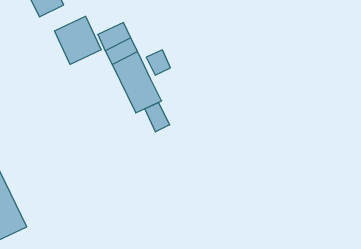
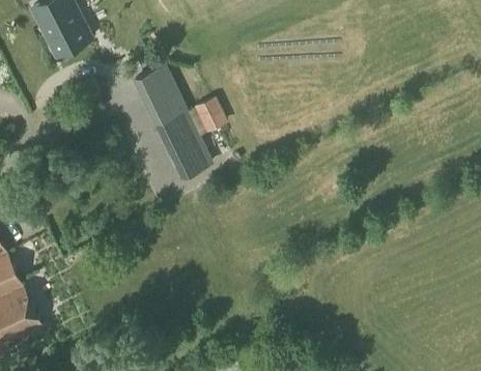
building: [54,16,101,64] -> none
building: [145,102,170,132] -> none

